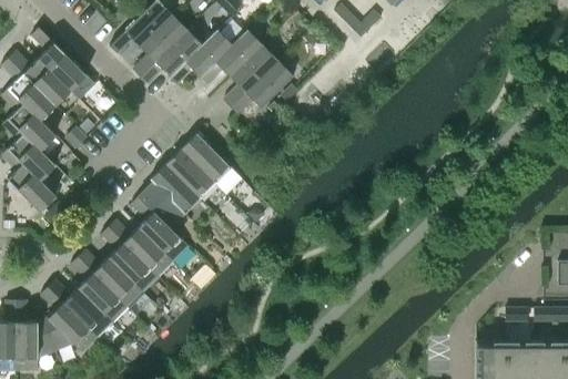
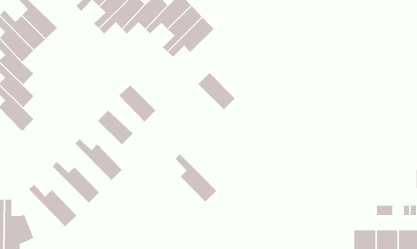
building: [182,133,232,183] -> [198,72,236,110]
building: [151,163,201,213] -> none
building: [132,196,187,260] -> [175,154,217,203]
building: [101,226,158,290] -> none
building: [71,256,128,320] -> none
building: [41,286,97,351] -> none

